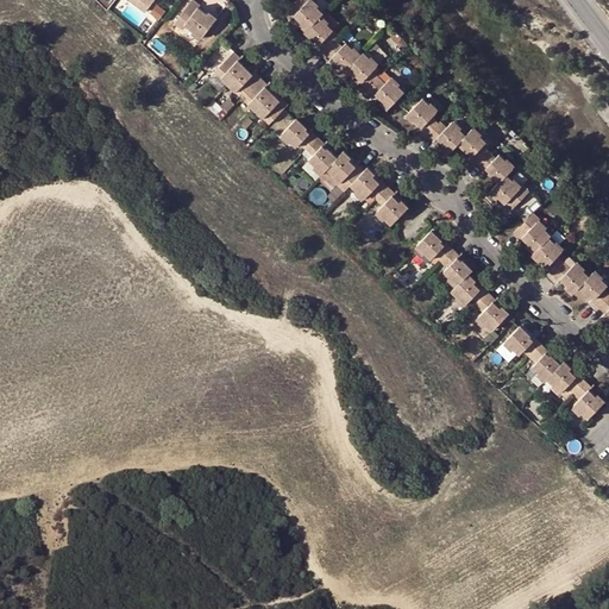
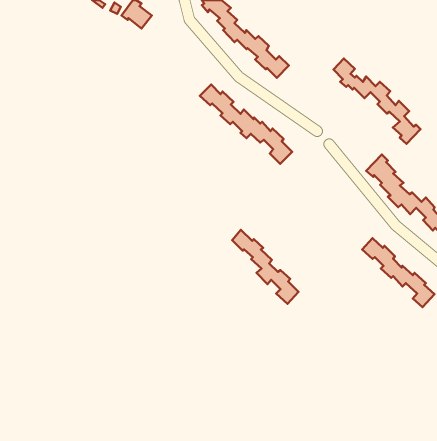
building: [213,48,289,123] -> none
building: [403,99,523,216] -> [333,58,420,144]
building: [416,231,508,333] -> [232,230,299,304]

